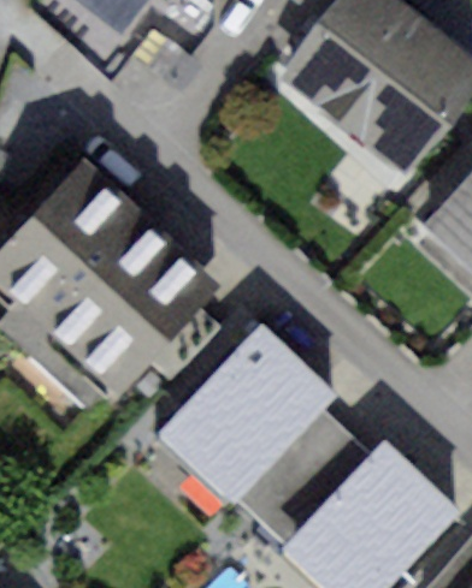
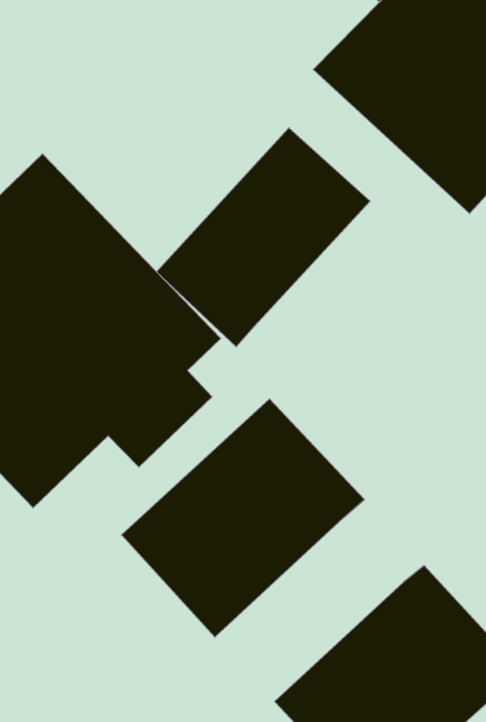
building: none -> [157,128,370,347]
building: [232,408,368,546] -> none

